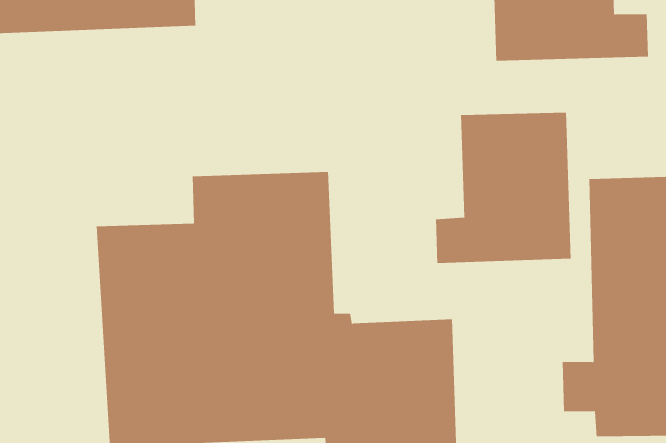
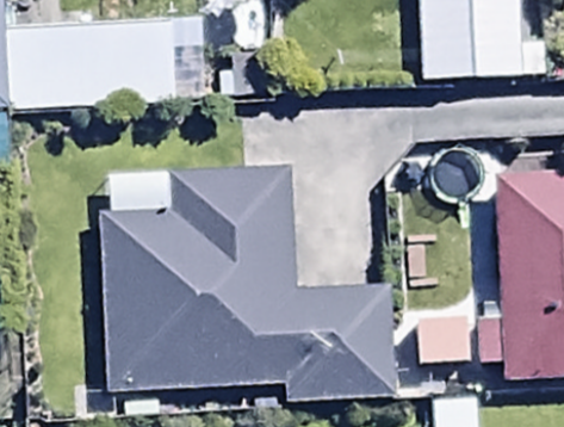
building: [436,112,571,264] -> none

